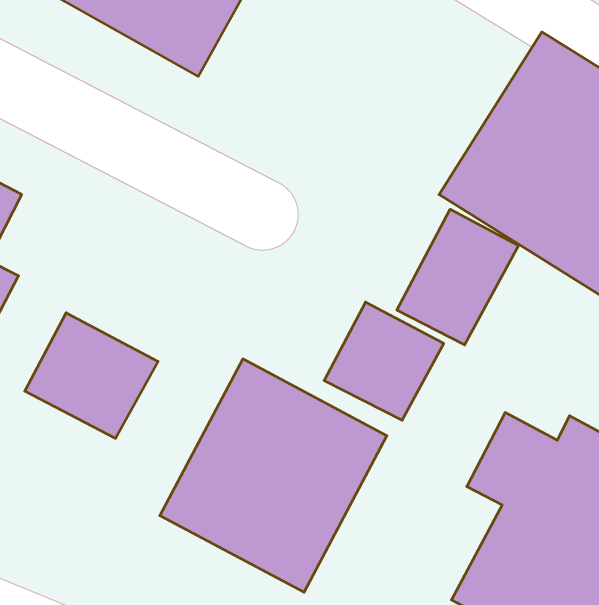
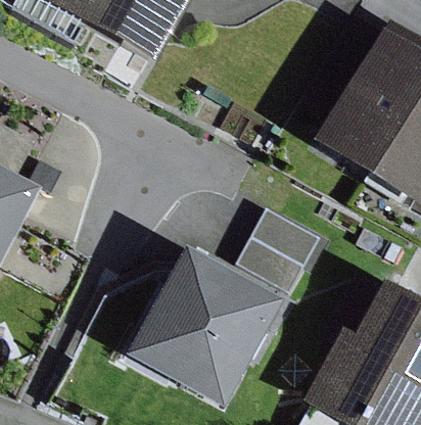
building: [397,209,519,345] -> none
building: [25,313,158,438] -> none

